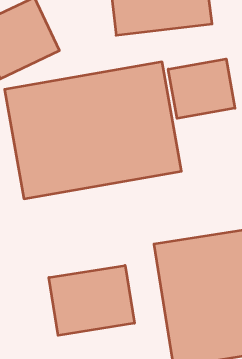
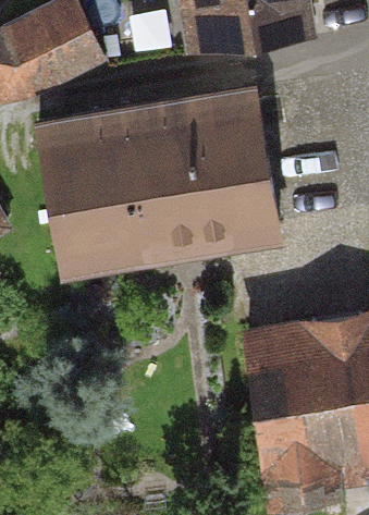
building: [168,59,235,118] -> none
building: [49,265,134,335] -> none

